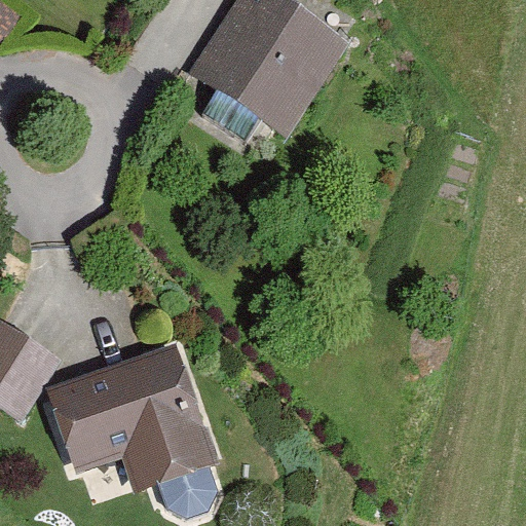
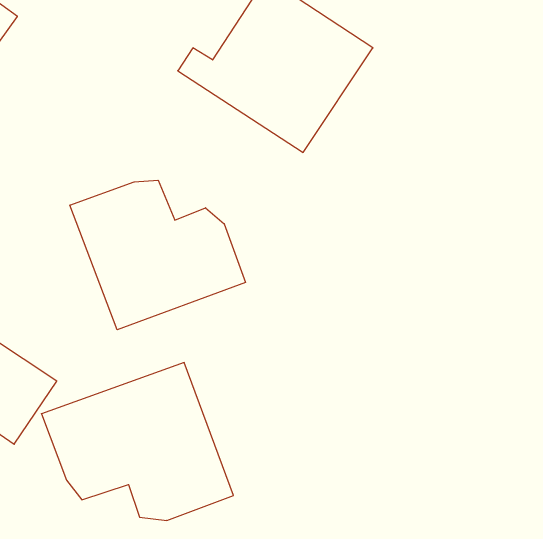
building: none -> [70,180,245,330]

